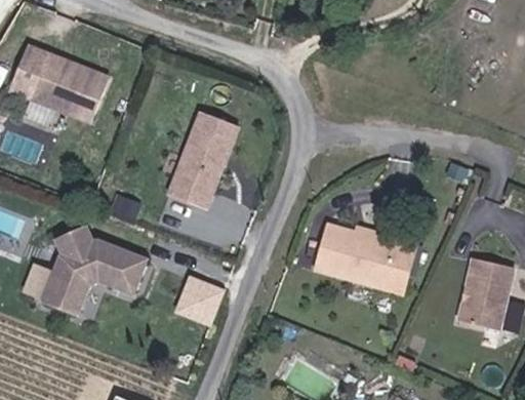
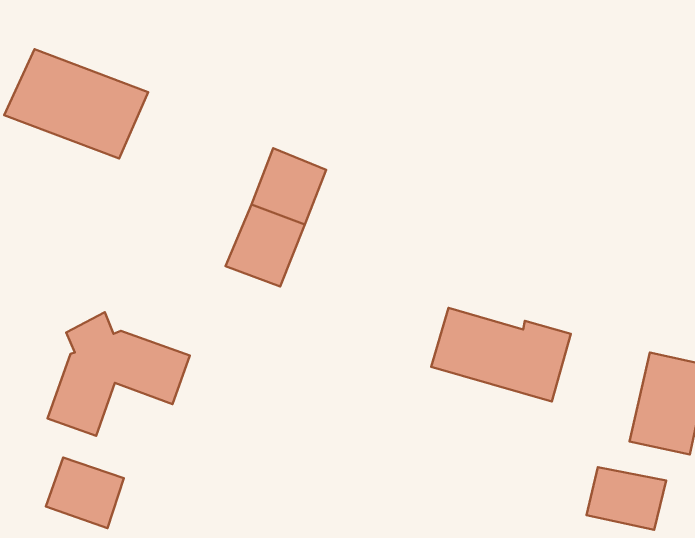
building: [176,272,228,324] -> none
building: none -> [46,457,124,528]
building: none -> [587,467,666,530]

